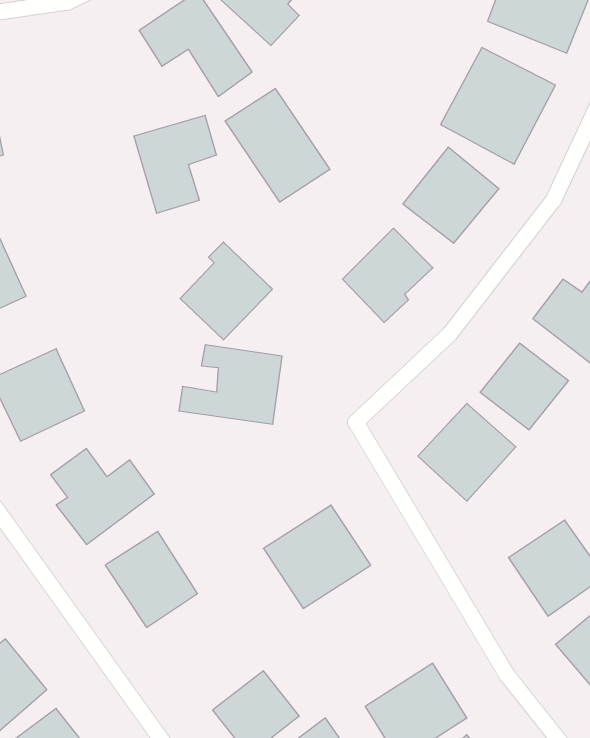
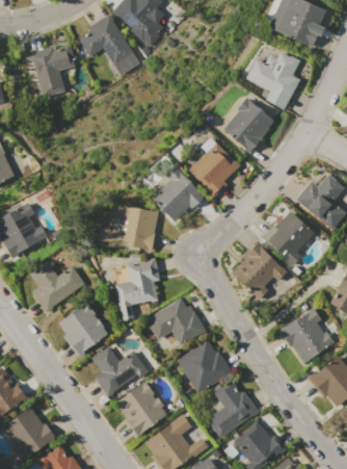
building: [225,88,330,202] -> none
building: [134,115,217,213] -> [30,42,76,96]
building: [180,242,272,340] -> [152,168,203,223]
building: none -> [111,260,166,314]
building: none -> [178,339,232,394]
building: none -> [86,343,148,402]

